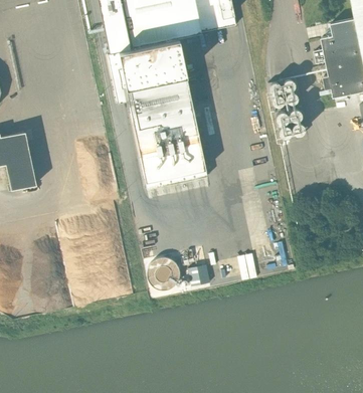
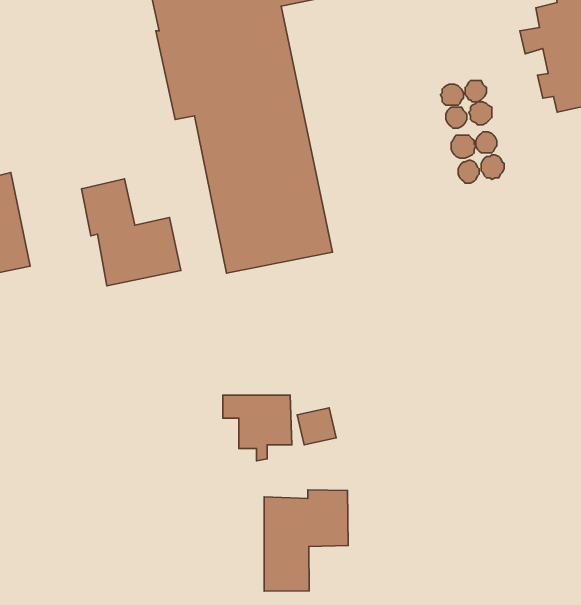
building: none -> [82,179,181,286]
building: none -> [264,490,348,591]

